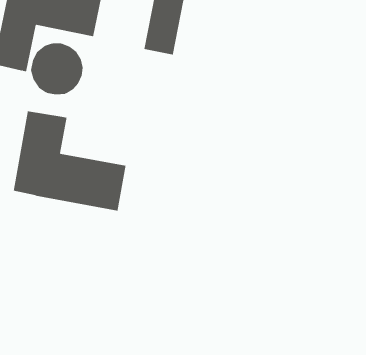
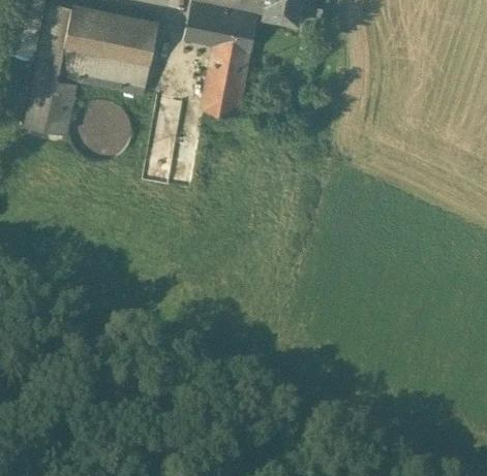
building: [13,110,126,211] -> none

